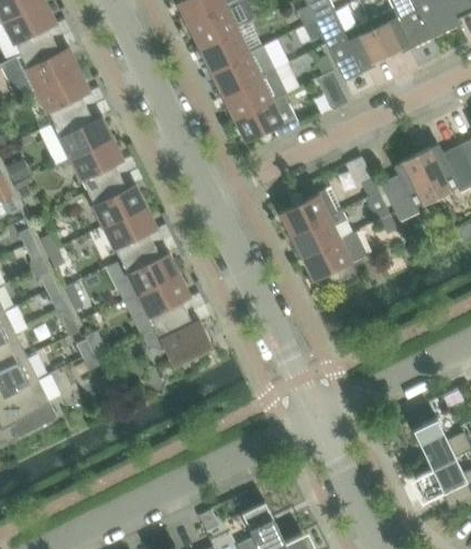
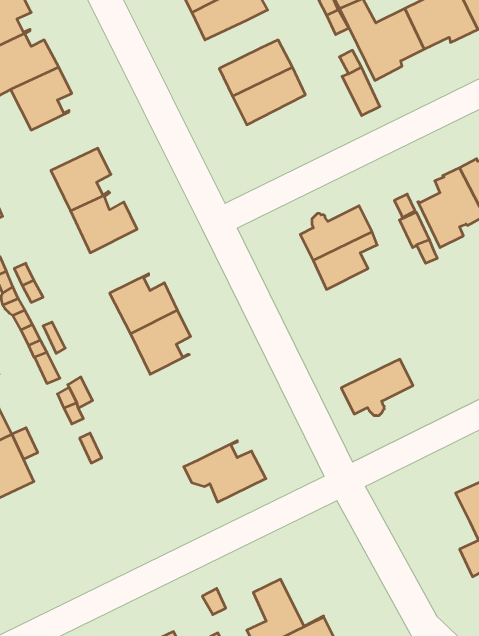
building: [201,30,249,70] -> none
building: [237,94,299,141] -> none
building: [55,107,111,156] -> none
building: [105,206,155,260] -> none
building: [304,232,364,279] -> [341,359,413,415]
building: [143,311,212,363] -> [184,441,266,502]

